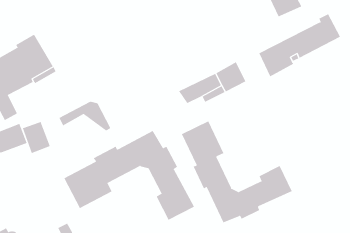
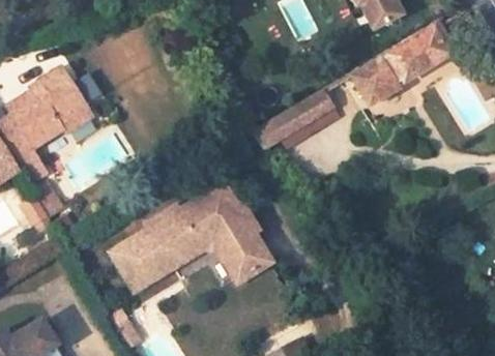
building: [58,101,111,131] -> [169,231,237,268]
building: [181,121,293,223] -> none
building: [22,121,50,154] -> none

